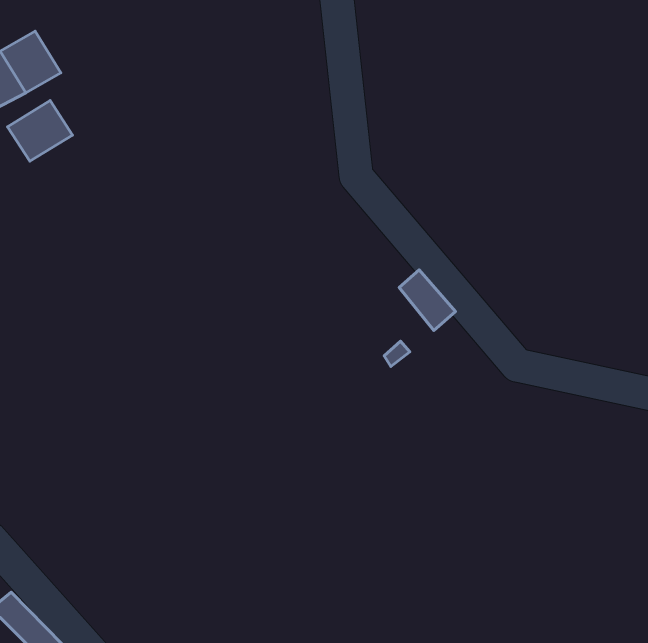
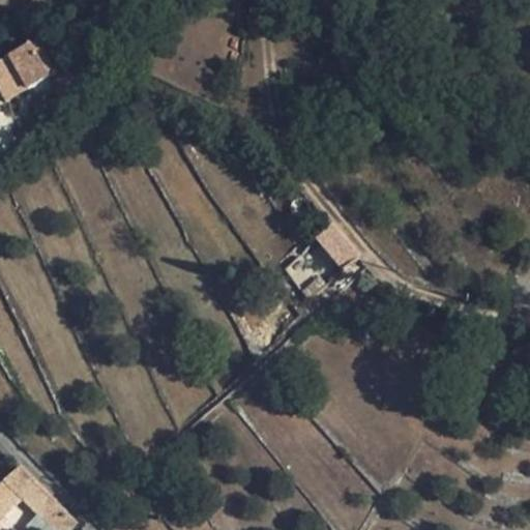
building: [7,101,73,161] -> none

